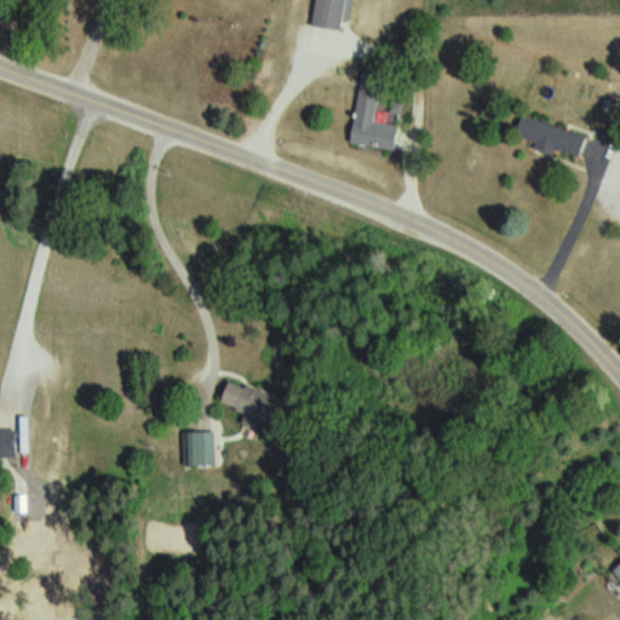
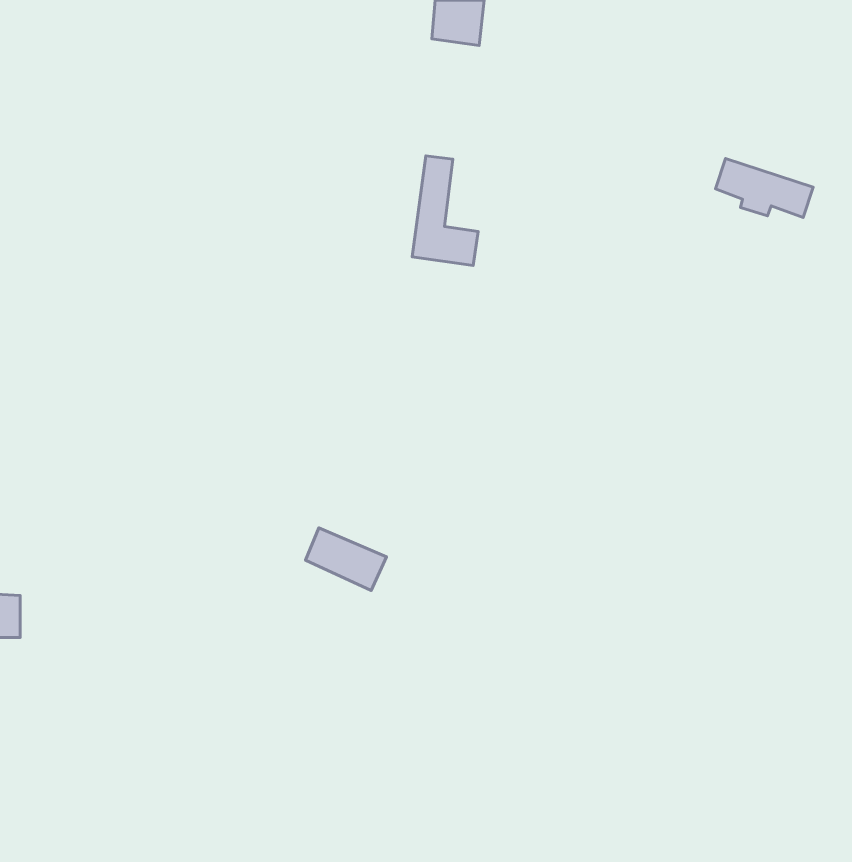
building: [350,70,397,149] -> [412,156,478,265]
building: [194,431,214,466] -> none

